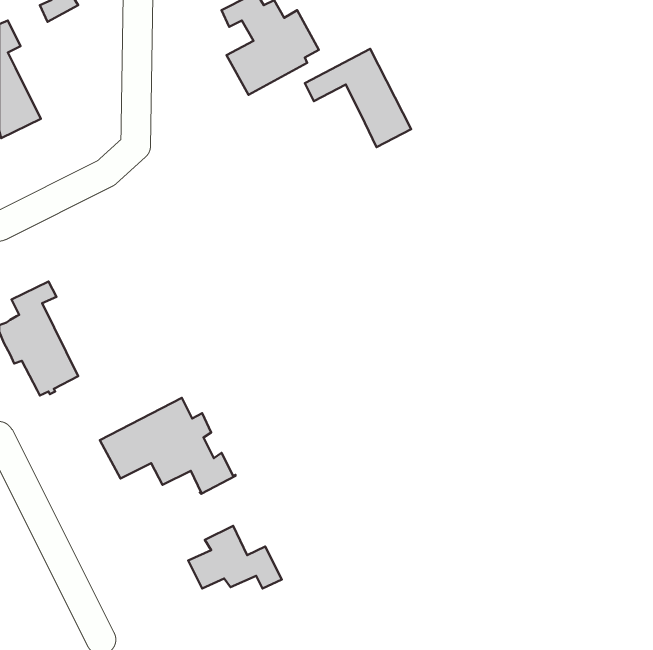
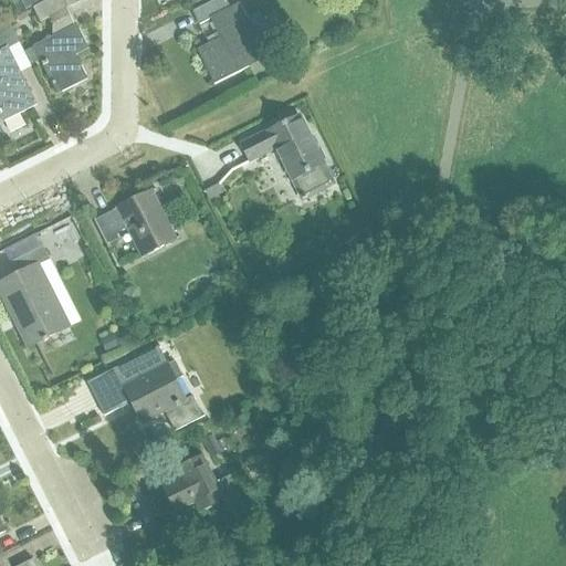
building: none -> [33,12,87,91]
building: [305,49,411,147] -> [241,114,333,199]
building: none -> [93,188,175,253]

